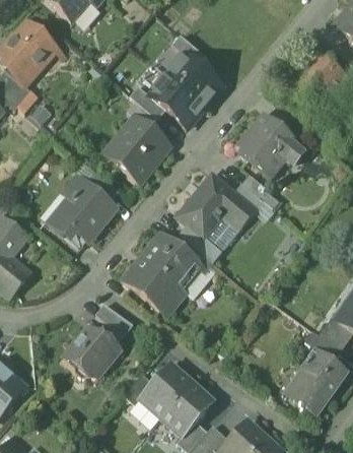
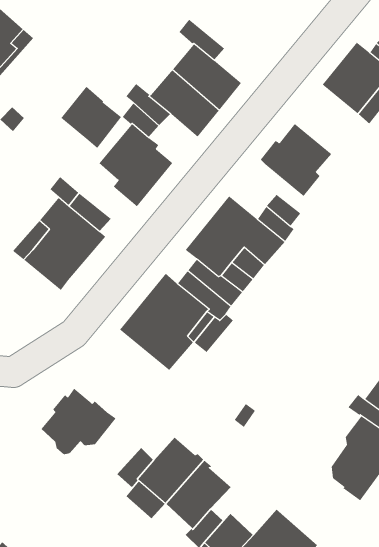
building: none -> [60,86,122,149]
building: [237,114,302,180] -> none
building: [96,305,133,345] -> none

